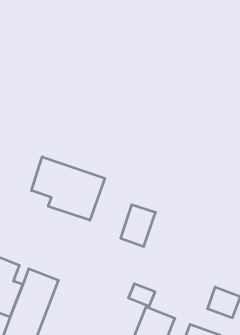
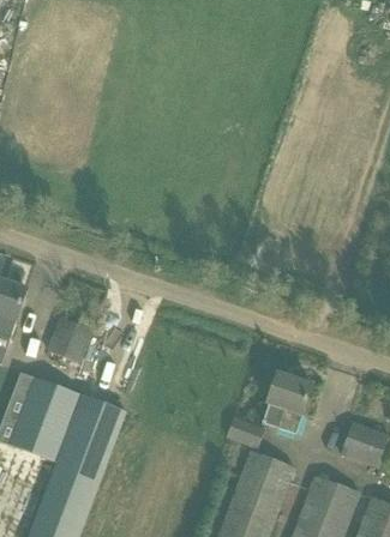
building: [31,157,105,220] -> none
building: [121,205,156,246] -> [262,373,312,433]
building: none -> [49,316,92,361]

